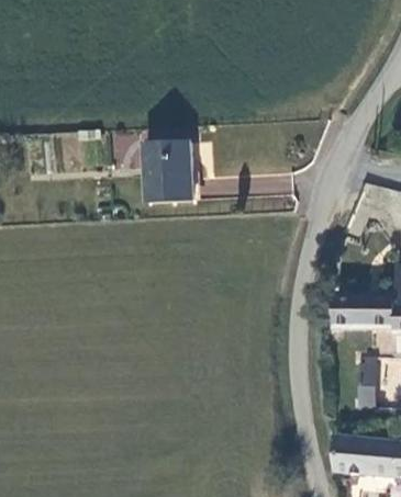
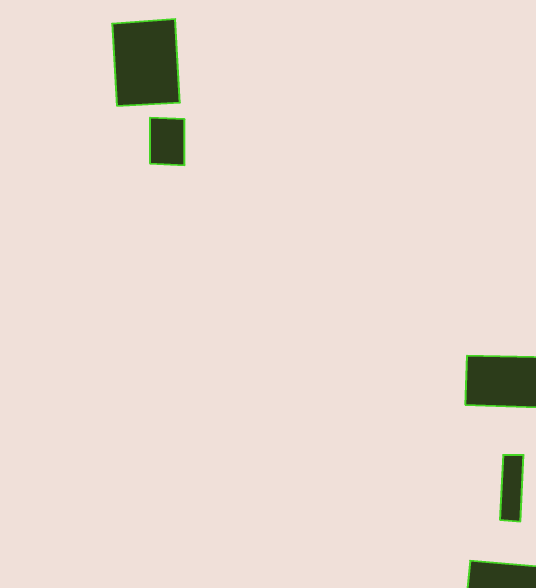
building: [146,143,193,203] -> [112,19,180,106]

